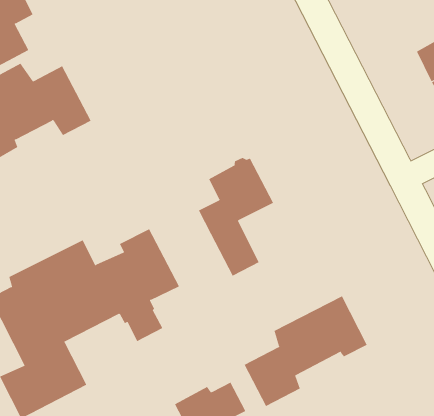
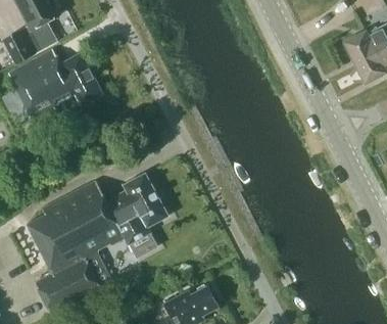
building: [198,157,274,276] -> none
building: [244,295,368,407] -> none

